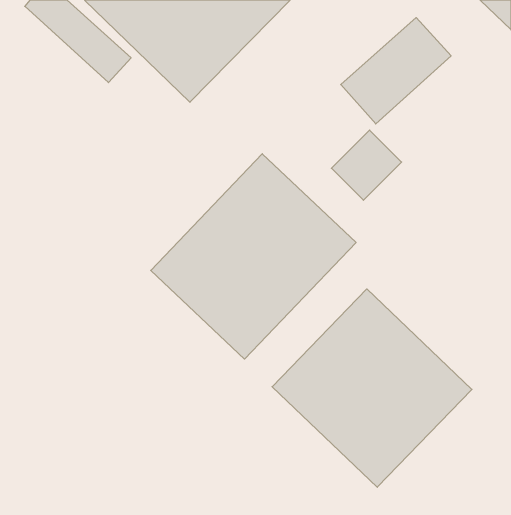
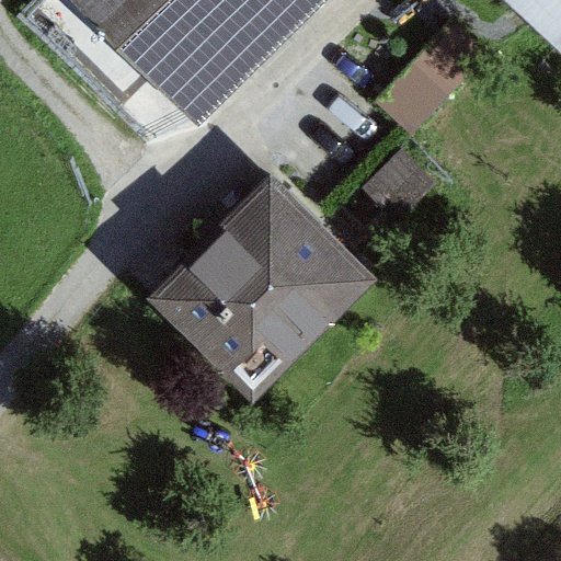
building: [272,289,472,487] -> none

